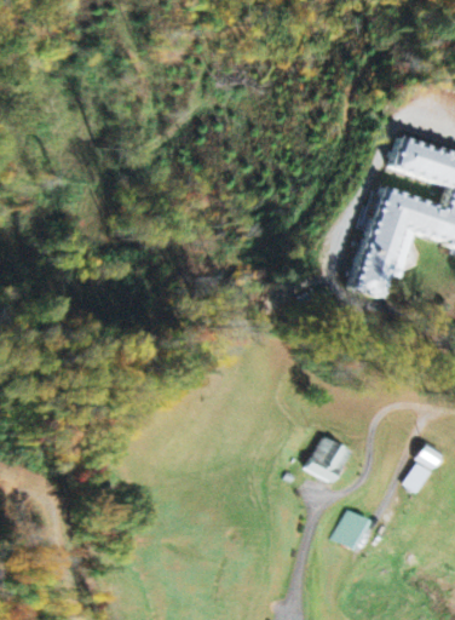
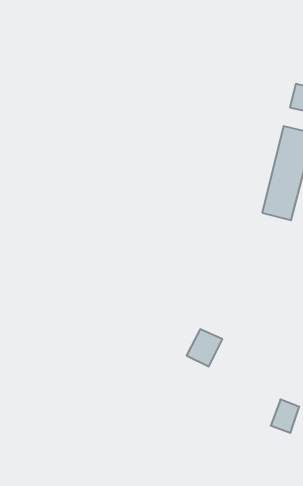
building: [304,438,349,484] -> [187,329,222,367]

